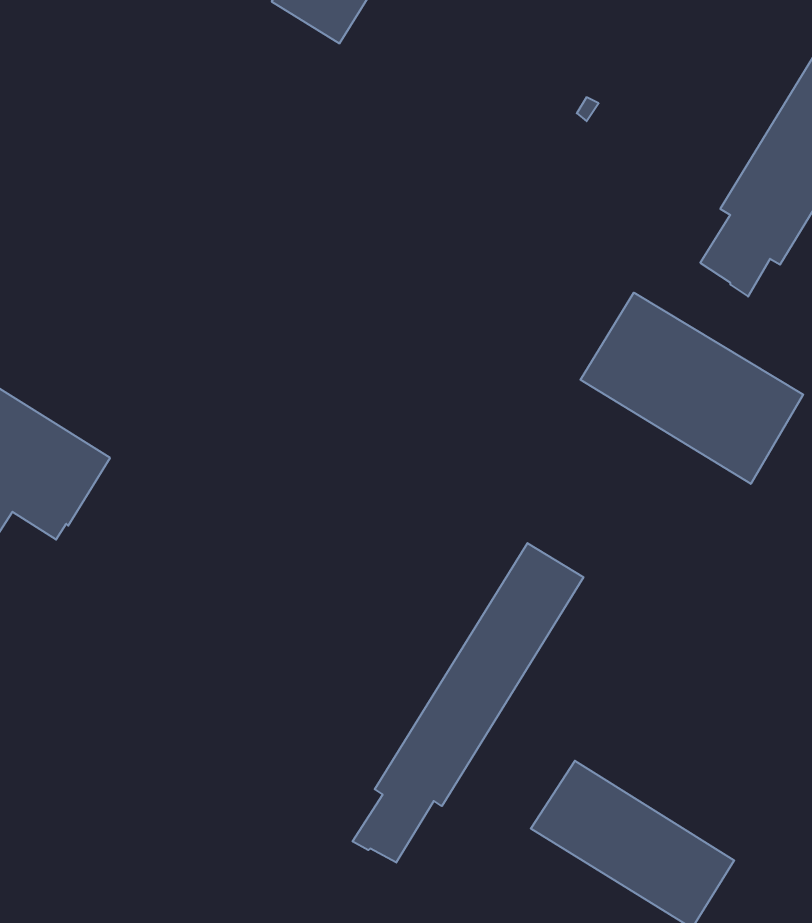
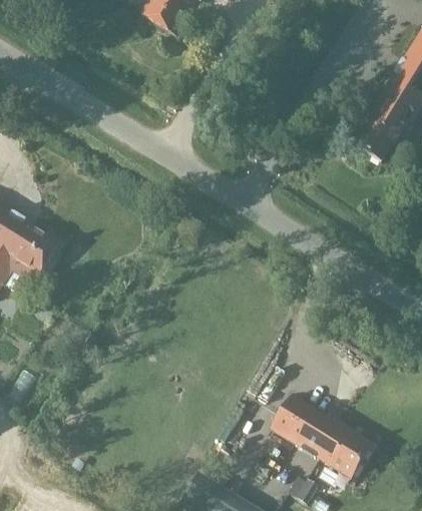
building: [580,293,803,484] -> none
building: [353,543,583,863] -> none

